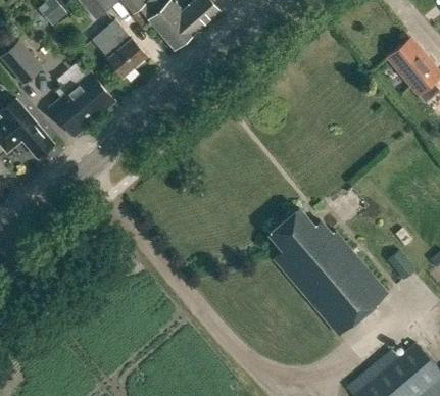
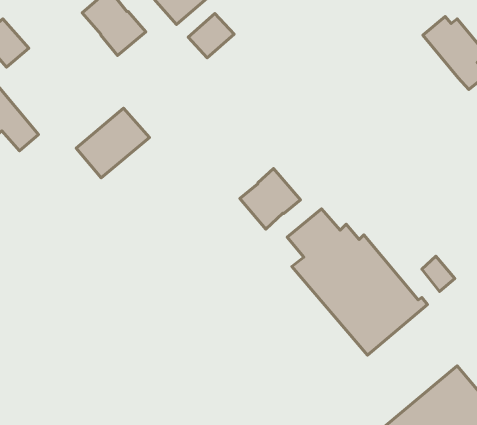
building: none -> [188,14,234,58]
building: [53,76,116,136] -> [76,108,149,178]
building: none -> [240,169,301,229]

